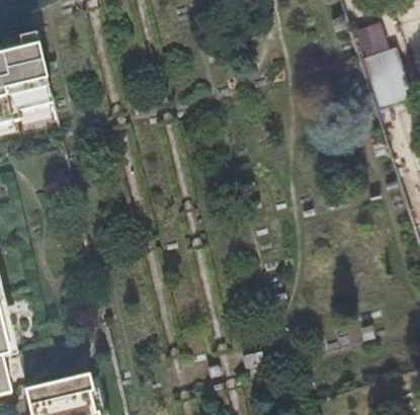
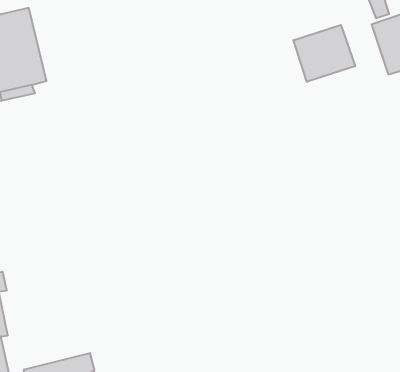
building: none -> [293,25,355,82]

